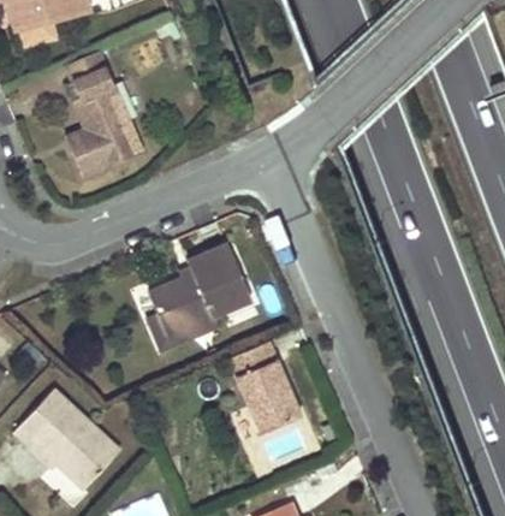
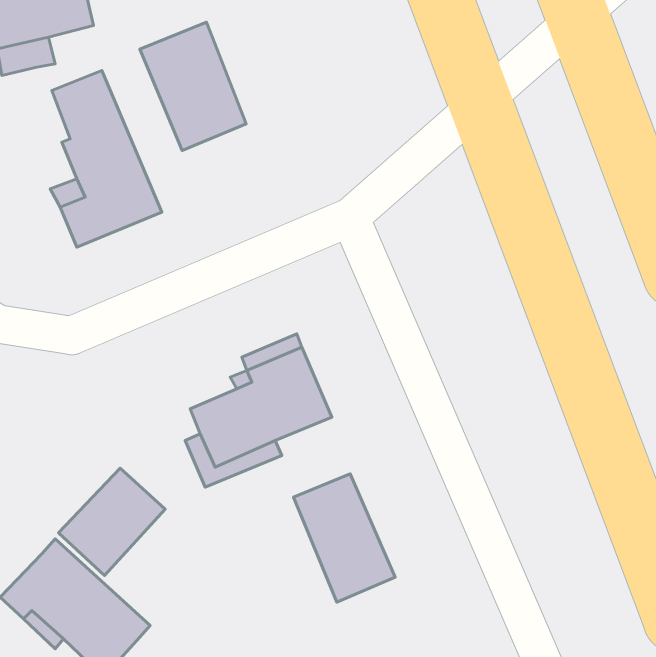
building: none -> [140,22,246,151]
building: none -> [58,468,165,576]

